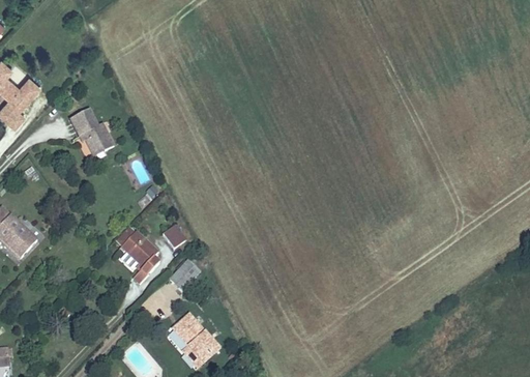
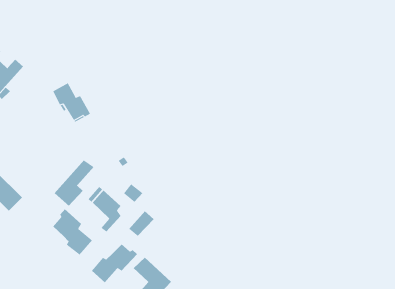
building: none -> [54,159,94,206]
building: none -> [53,209,93,256]
building: none -> [91,243,138,283]

